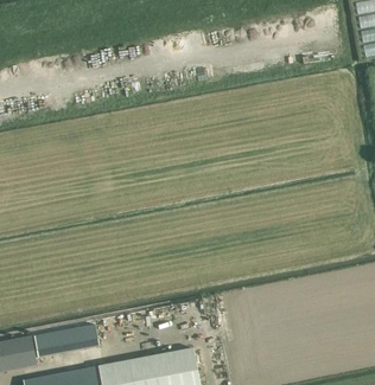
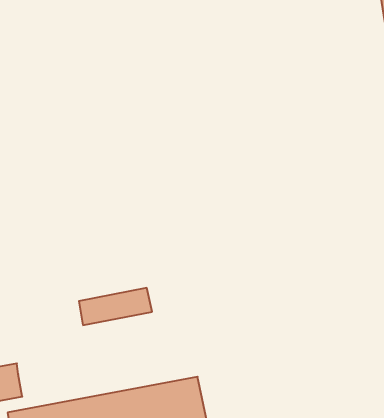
building: [33,325,98,358] -> [79,288,152,325]

